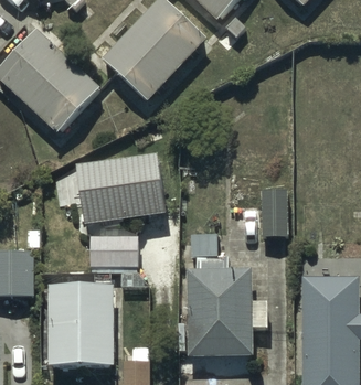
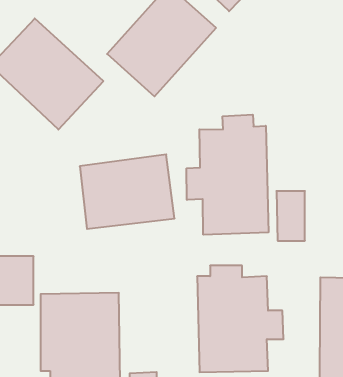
building: none -> [187,115,268,235]
building: [92,234,144,285] -> none

